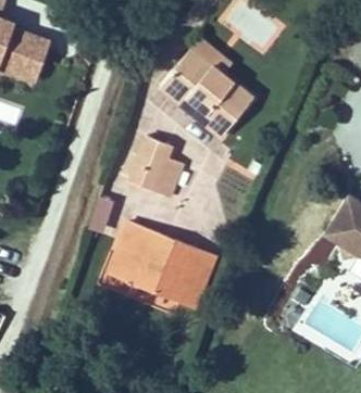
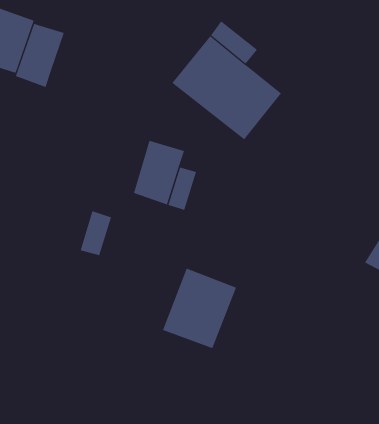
building: none -> [15,23,65,88]
building: [108,224,174,292] -> none

